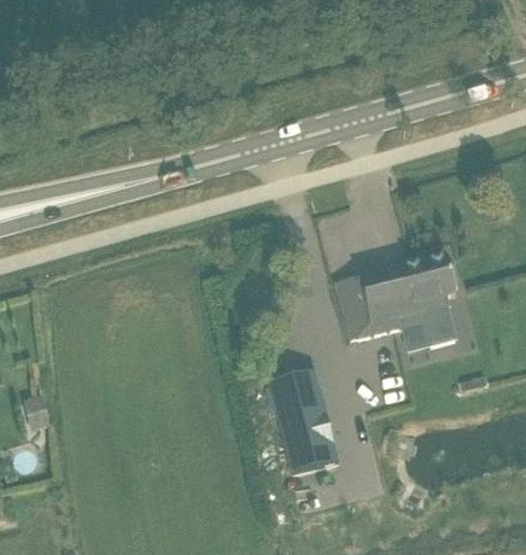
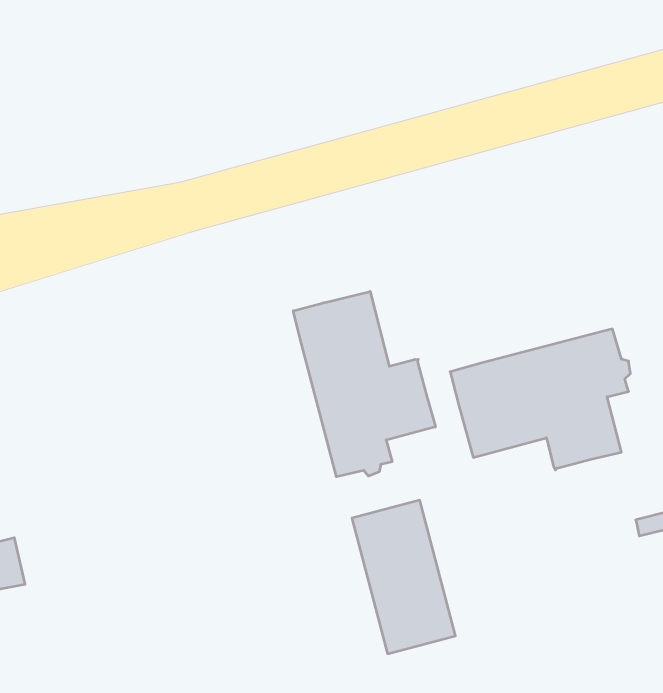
building: none -> [293,291,435,477]

